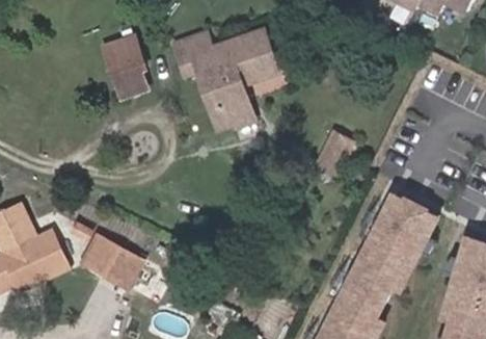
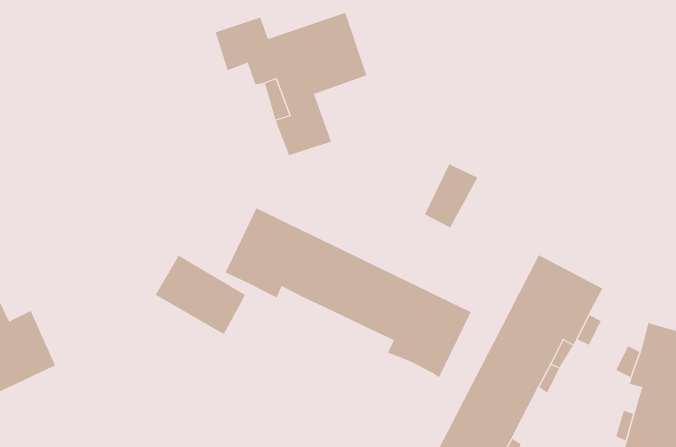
building: [103,35,145,95] -> none
building: none -> [225,207,472,378]
building: [81,234,142,288] -> [155,255,246,335]

